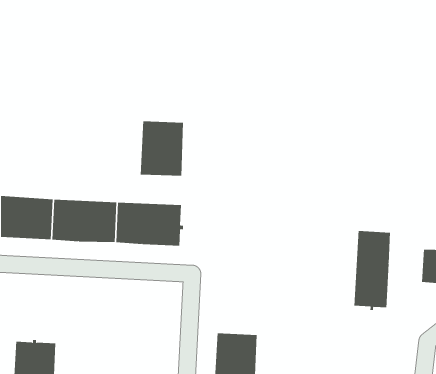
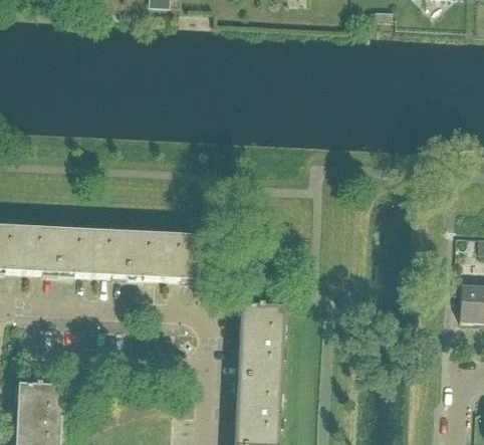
building: [140,120,184,176] -> none
building: [354,230,390,311] -> none
building: none -> [239,302,287,377]

